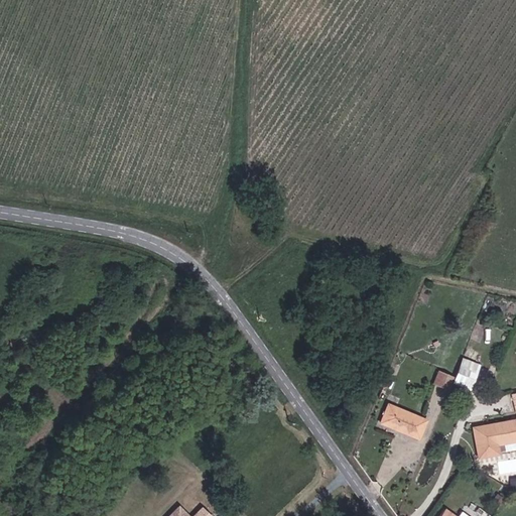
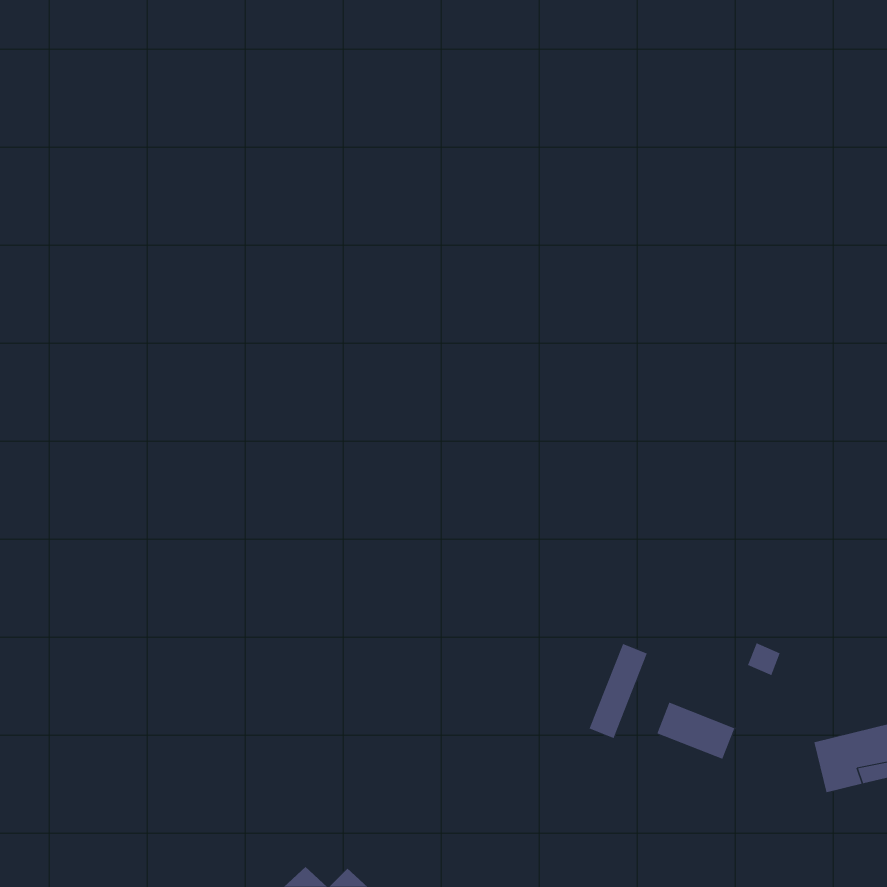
building: [453,363,478,389] -> none
building: none -> [589,643,648,739]

